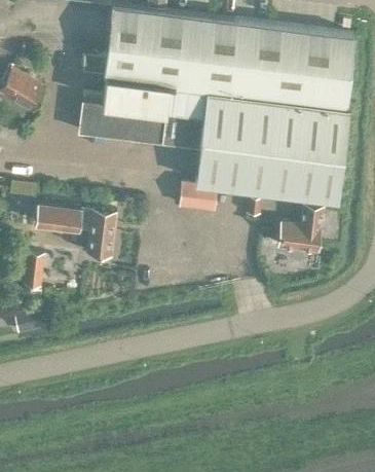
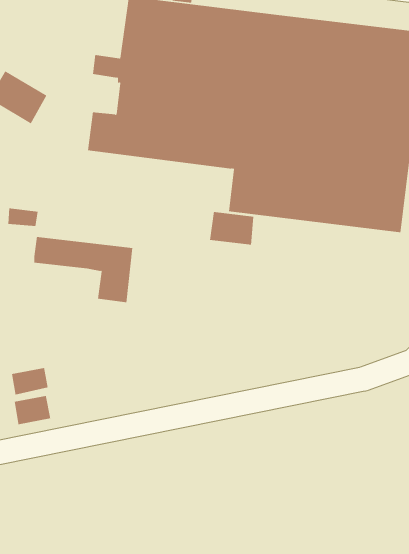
building: [278,207,324,254] -> none
building: [25,255,45,289] -> none
building: none -> [14,395,51,425]

